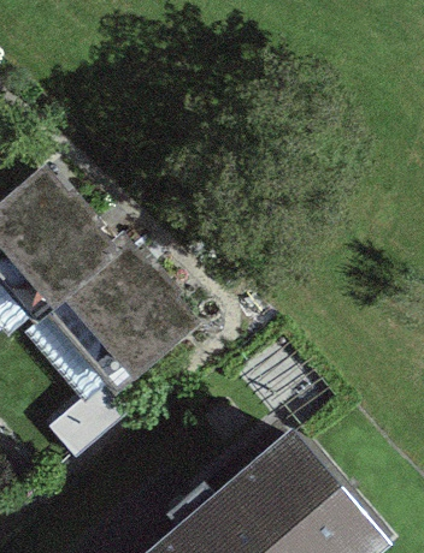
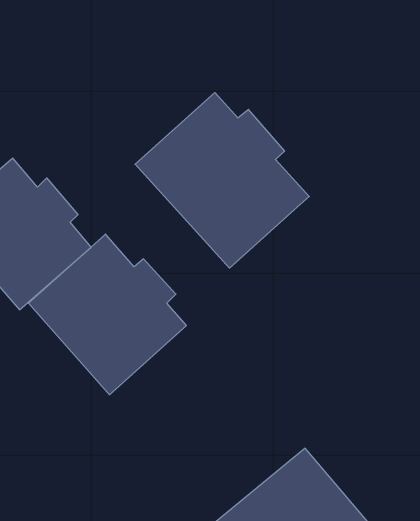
building: none -> [135,93,309,268]

